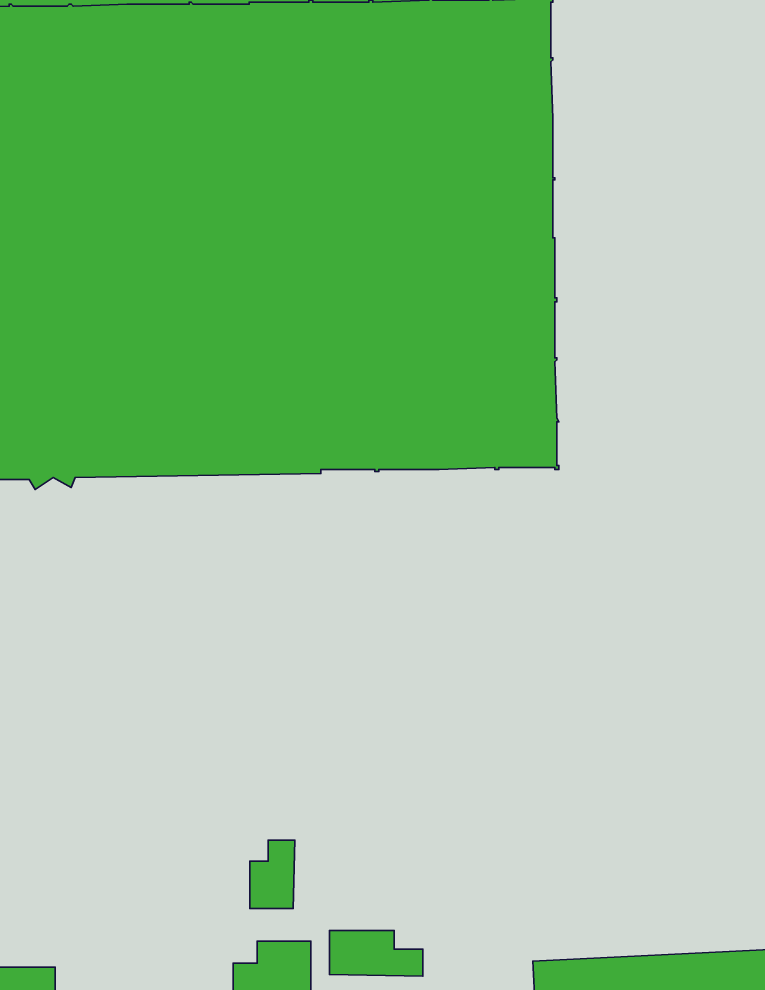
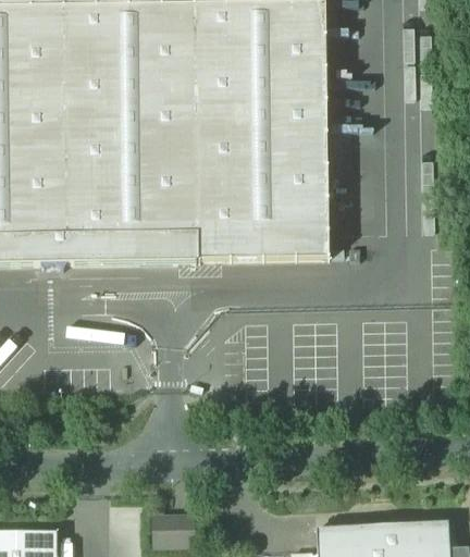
building: [250,840,295,909] -> none
building: [330,930,423,976] -> none

